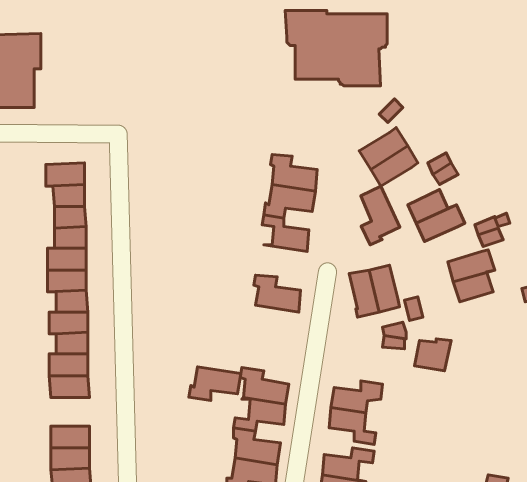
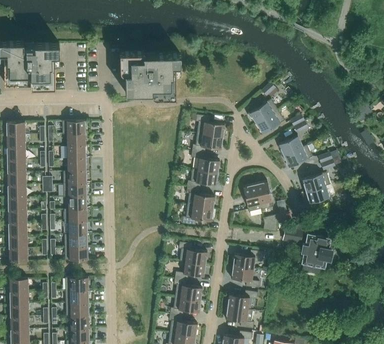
building: [285,10,387,86] -> [119,53,180,98]
building: [361,186,400,245] -> none
building: none -> [187,170,218,189]
building: none -> [300,235,331,279]
building: [189,367,241,400] -> [182,206,213,226]

